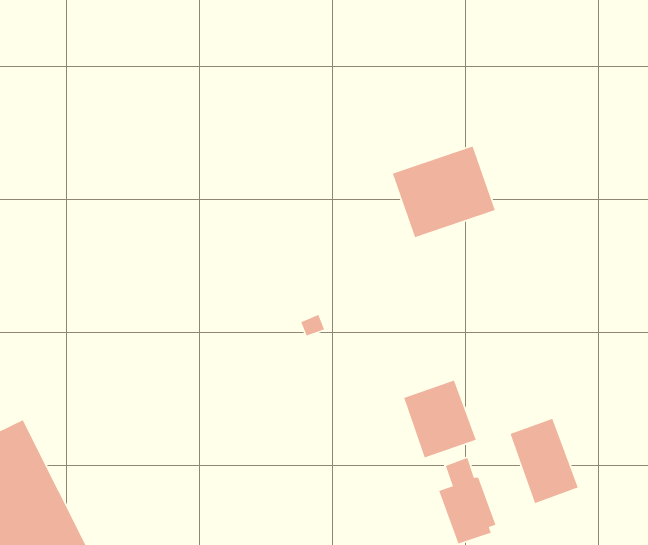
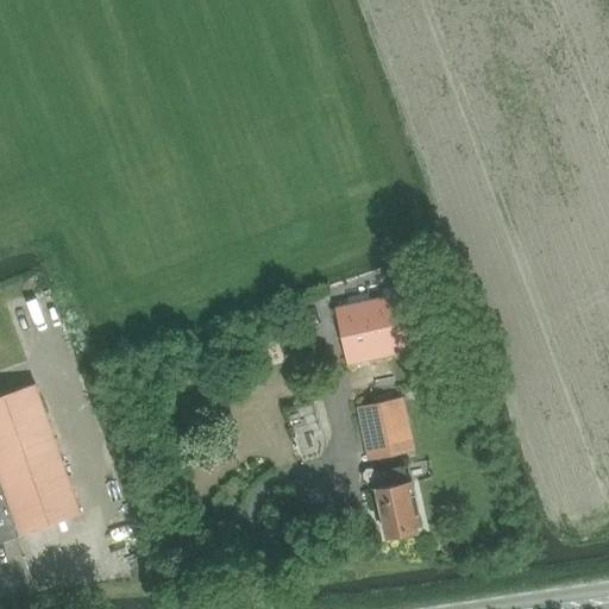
building: [392,145,496,238] -> [333,293,416,364]
building: [509,418,579,504] -> none

